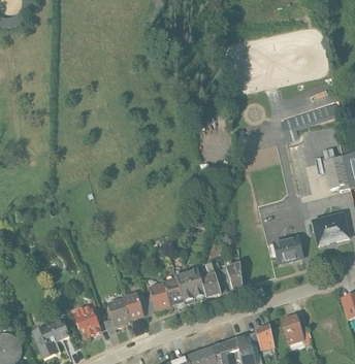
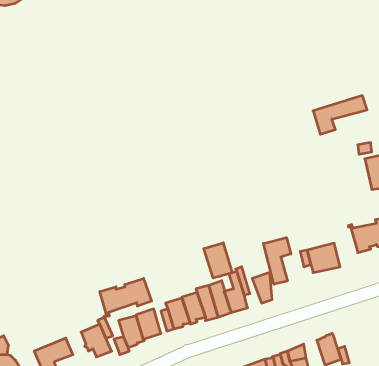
building: none -> [263,238,291,284]
building: none -> [204,243,232,278]
building: none -> [100,278,152,317]

